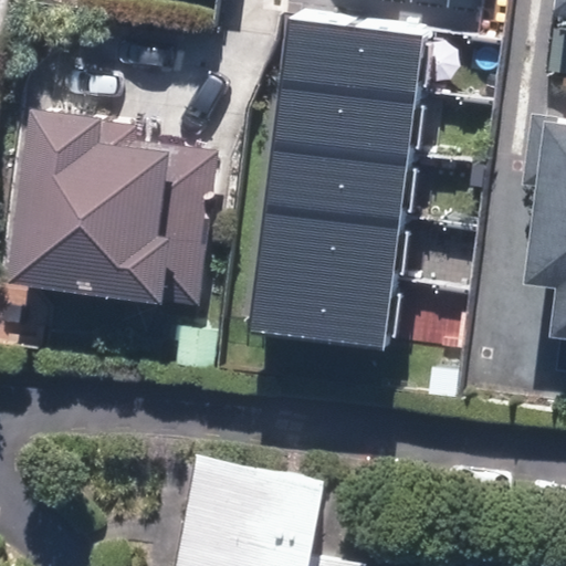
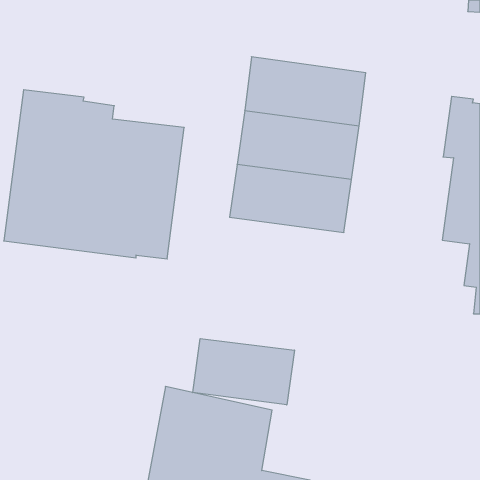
building: [294,8,437,88] -> none
building: [261,258,402,338] -> none
building: none -> [193,339,294,405]

